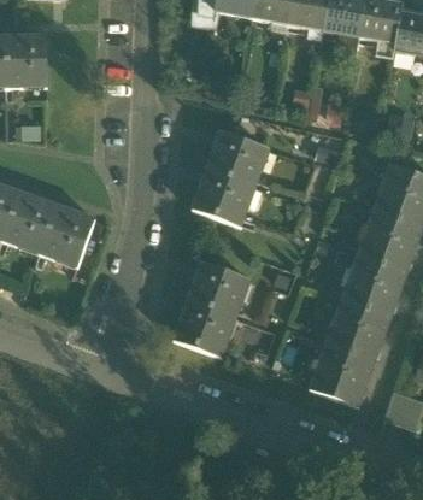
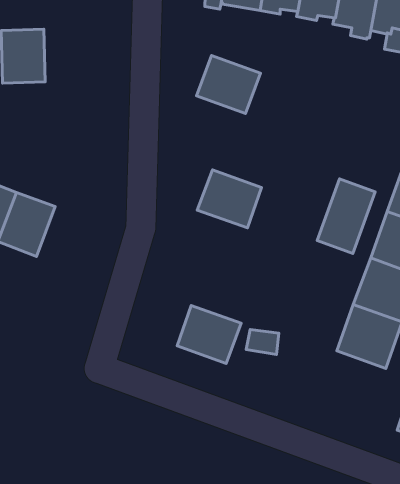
building: [207,131,269,187] -> [196,56,260,113]
building: none -> [317,179,375,254]
building: [39,205,94,266] -> none
building: [187,260,248,317] -> none
building: [311,343,374,405] -> none

